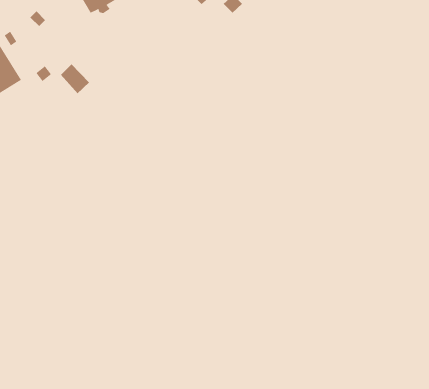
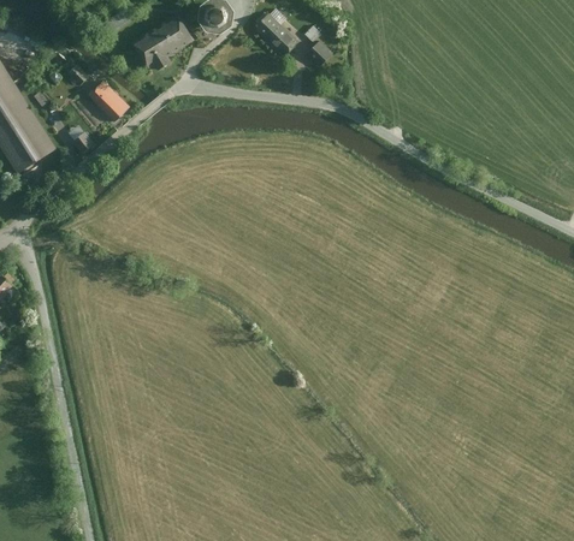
building: [60,63,90,94] -> [90,83,128,121]

